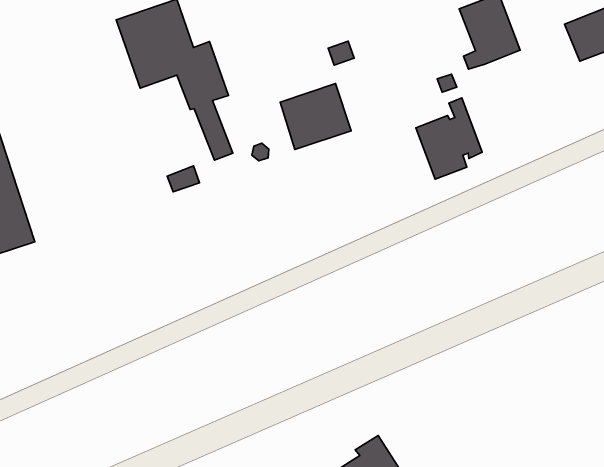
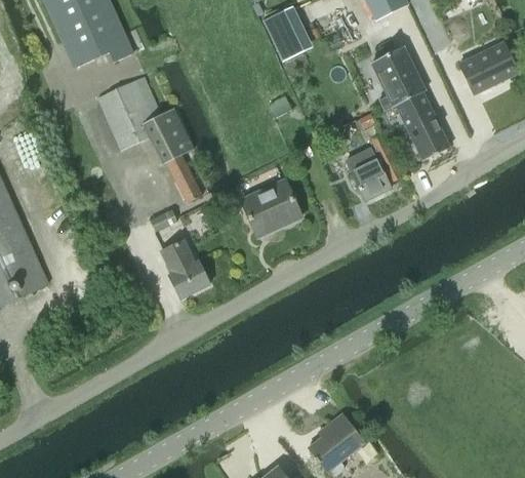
building: none -> [396,91,448,160]
building: [280,83,351,149] -> [241,180,300,236]
building: none -> [160,238,209,298]

